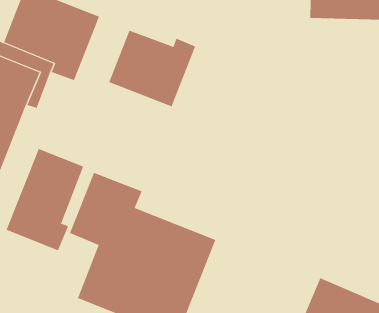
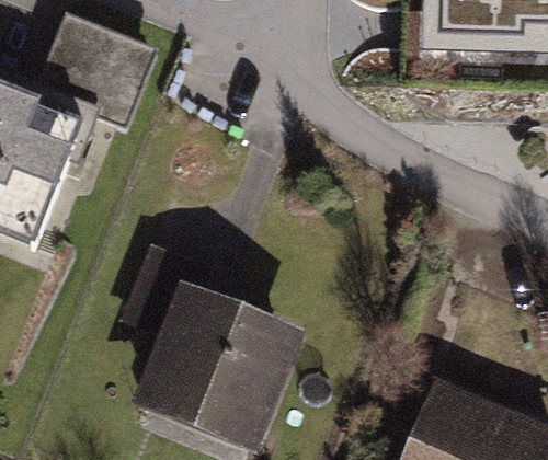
building: [108,30,196,107] -> none
building: [6,148,84,251] -> none

